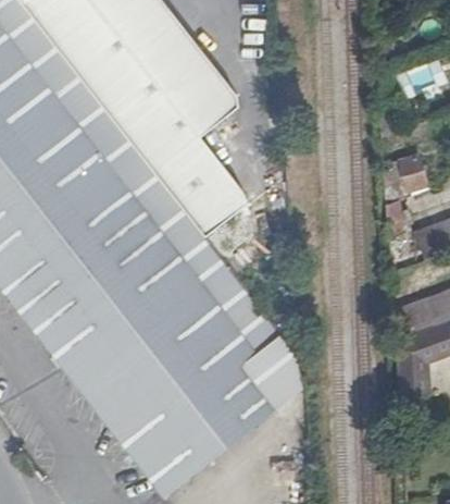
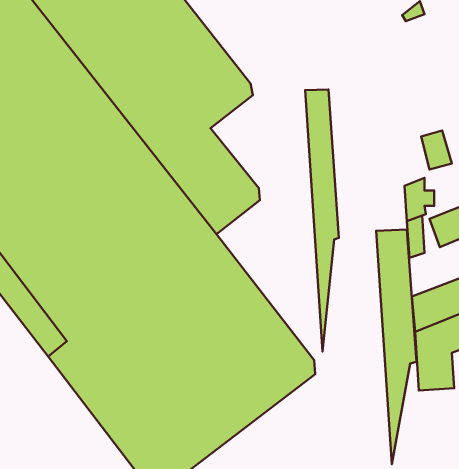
building: none -> [305,89,339,352]
building: none -> [376,229,416,464]

